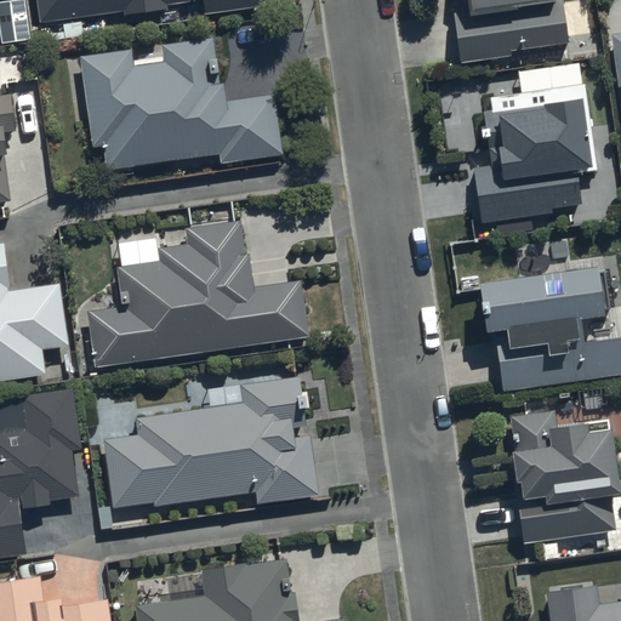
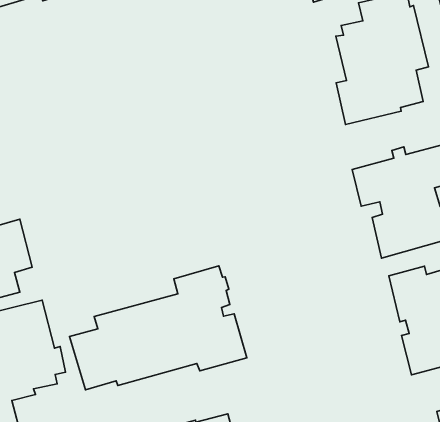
building: [79,39,281,167] -> none
building: [87,218,308,366] -> none

